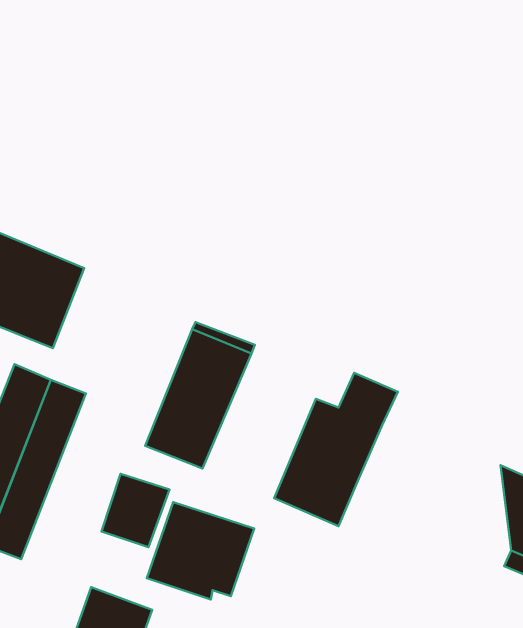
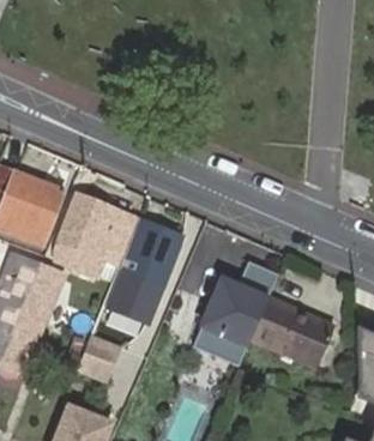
building: none -> [56,195,139,268]
building: none -> [252,297,327,361]
building: [147,502,254,599] -> none

